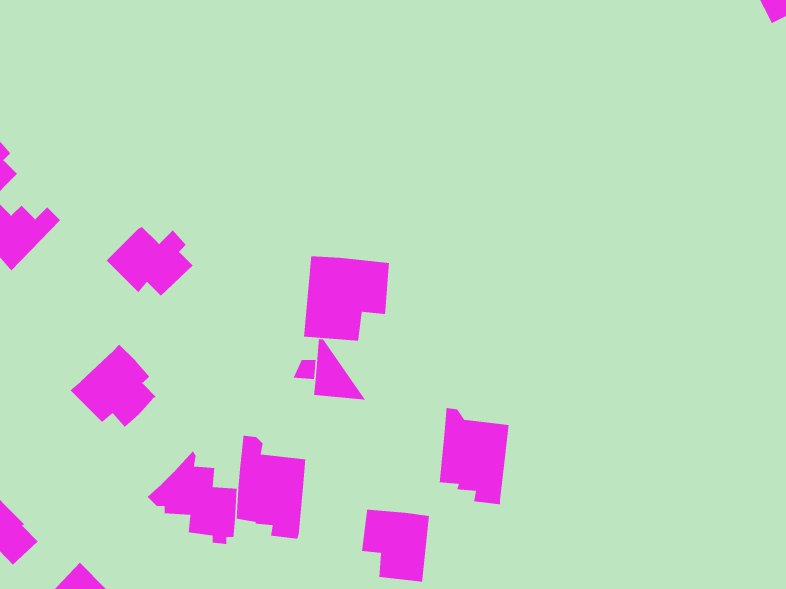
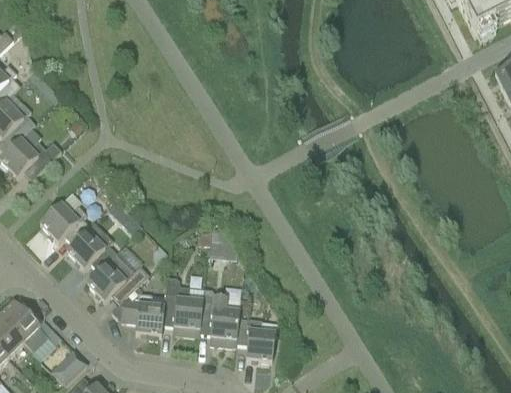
building: [106,226,193,296] -> [40,203,91,244]
building: [303,256,390,341] -> none
building: none -> [87,254,148,304]
building: [439,407,509,505] -> [200,289,241,346]

